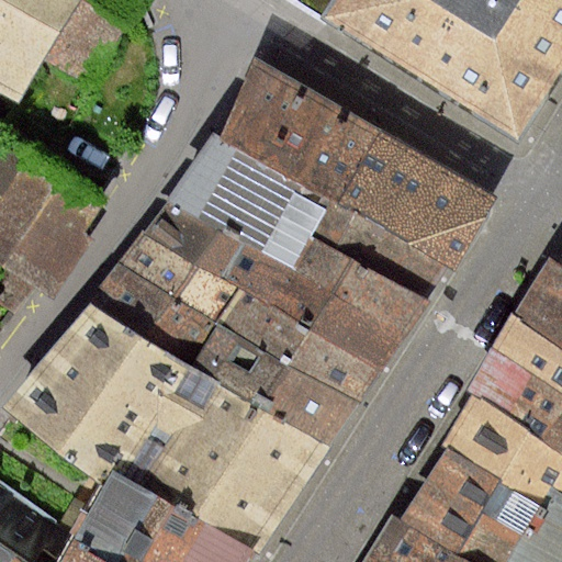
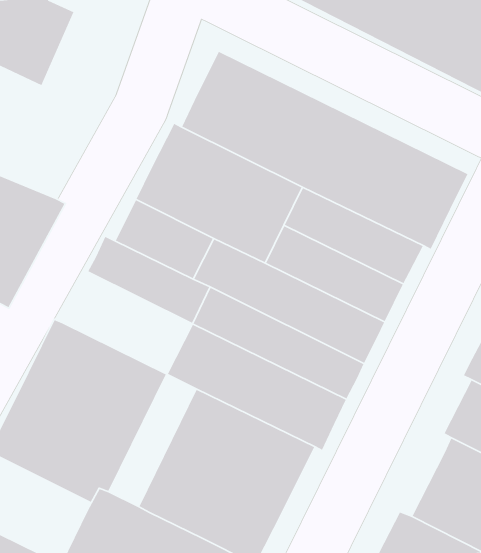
building: [95,262,217,366] -> none

